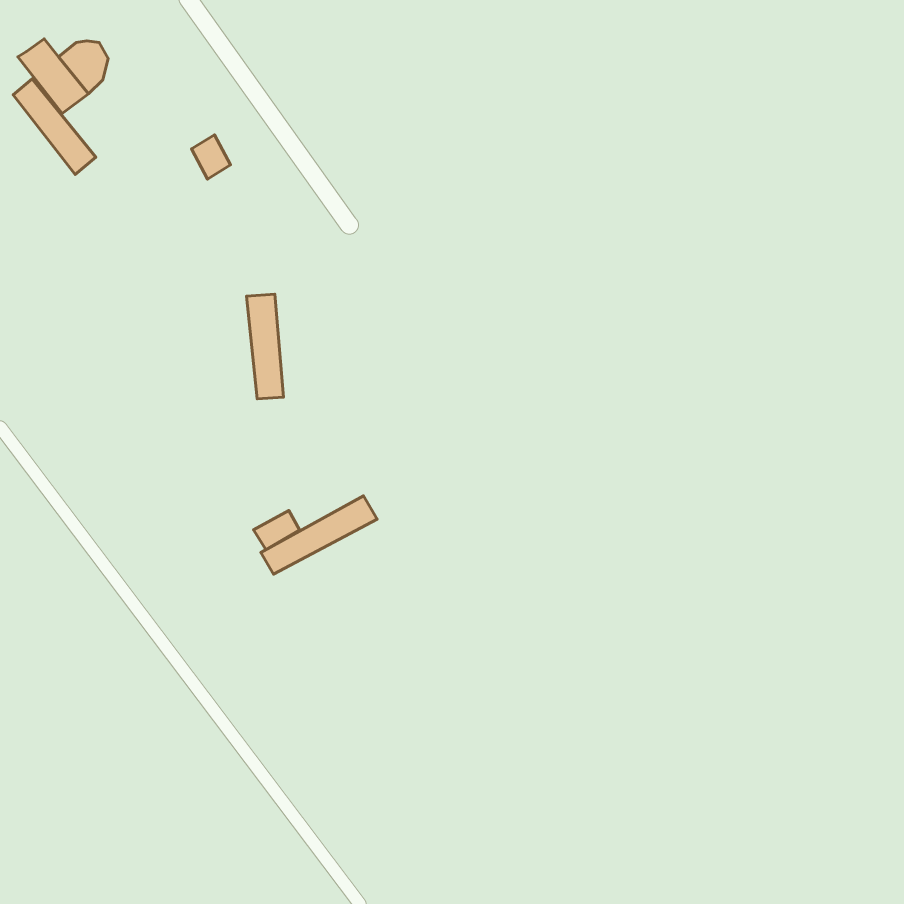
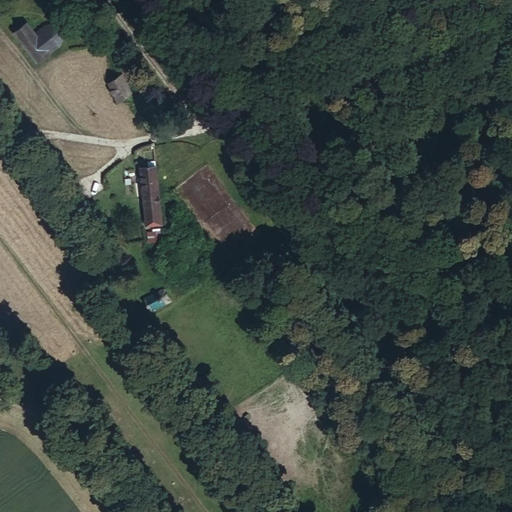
building: [13,79,96,174] -> none
building: [261,496,377,574] -> none

